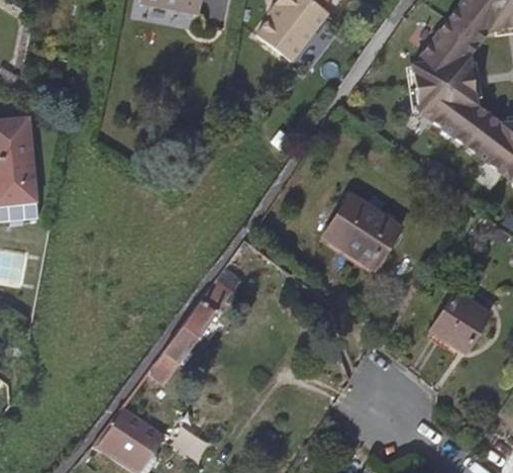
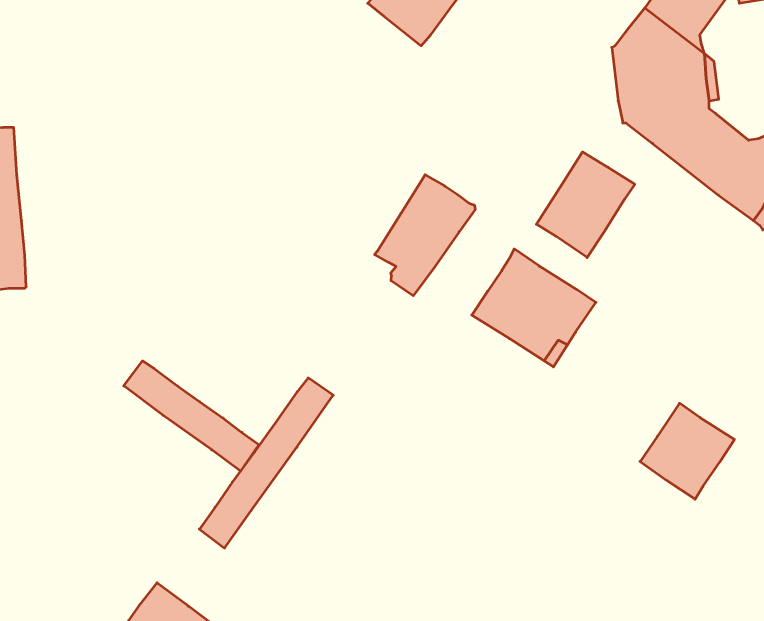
building: none -> [536,152,635,258]
building: none -> [375,175,475,296]
building: none -> [124,361,259,471]

